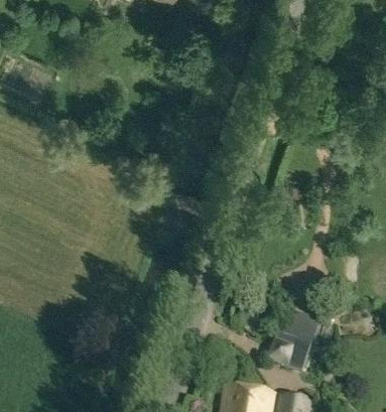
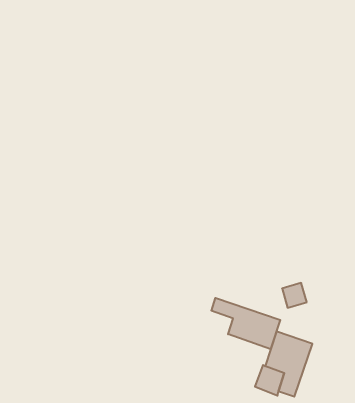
building: none -> [211,298,280,349]

